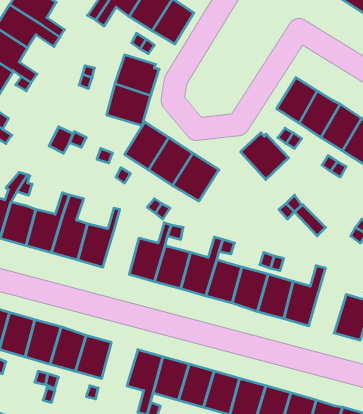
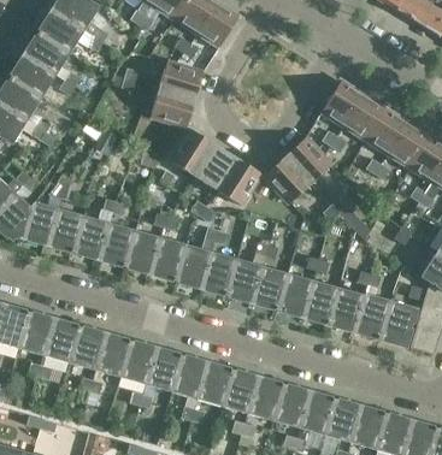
building: none -> [261,155,310,203]
building: none -> [146,213,182,278]
building: none -> [353,272,390,337]
building: none -> [145,347,181,390]

